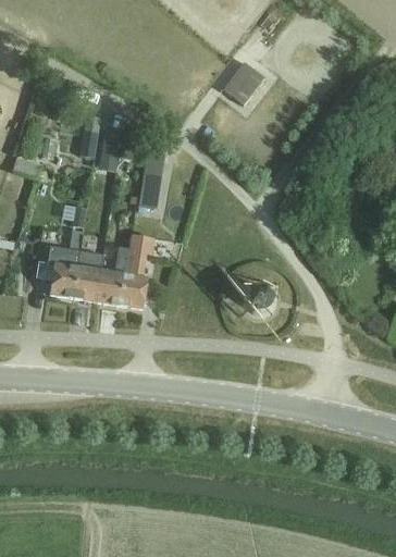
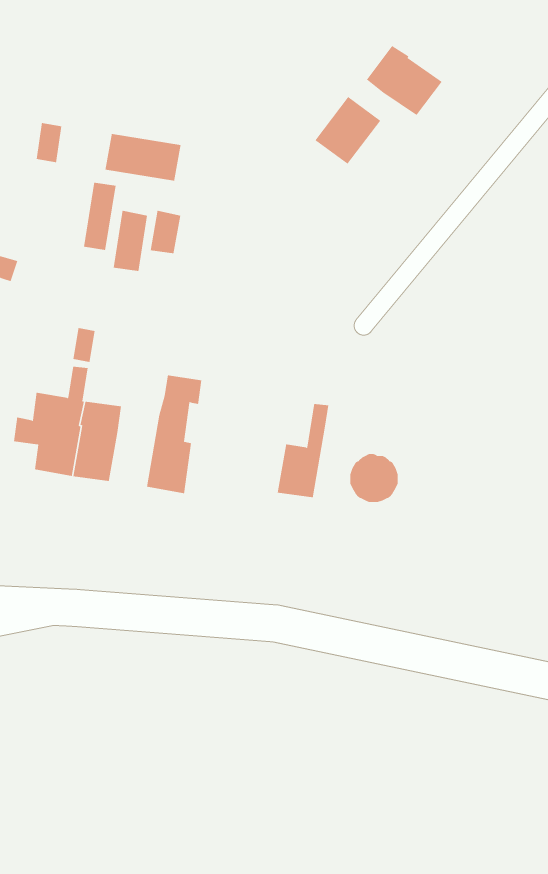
building: none -> [366,45,443,116]
building: none -> [105,133,181,182]
building: [137,165,161,207] -> none
building: [96,245,128,304] -> [277,403,329,498]

